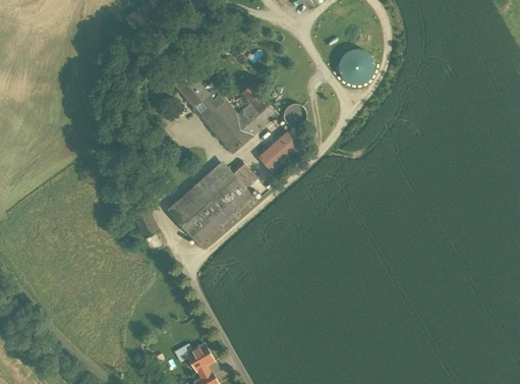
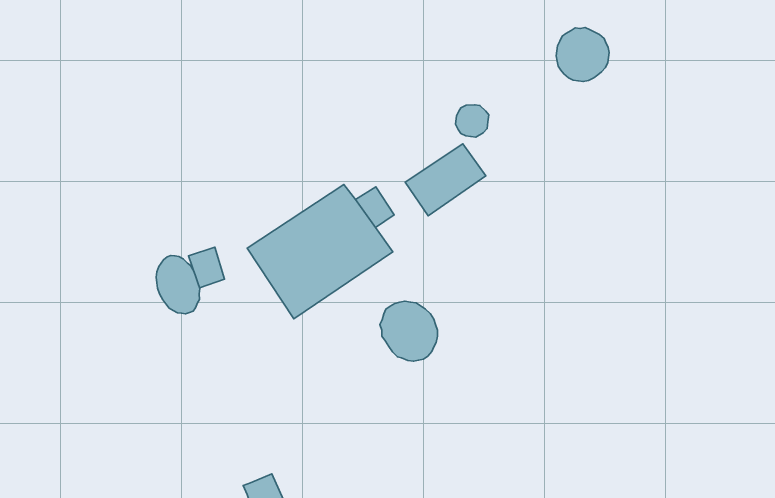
building: [174,70,277,153] -> none
building: none -> [156,255,200,314]
building: none -> [380,301,438,361]

